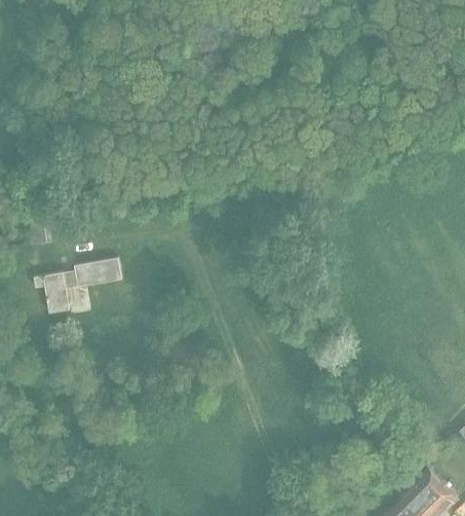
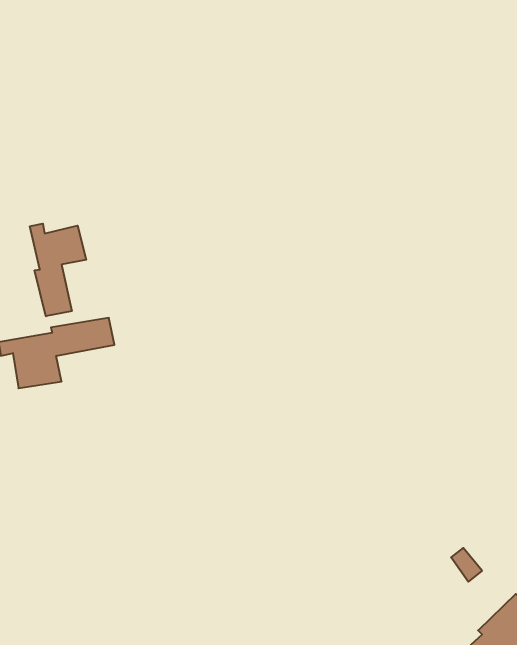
building: none -> [30,224,86,316]

